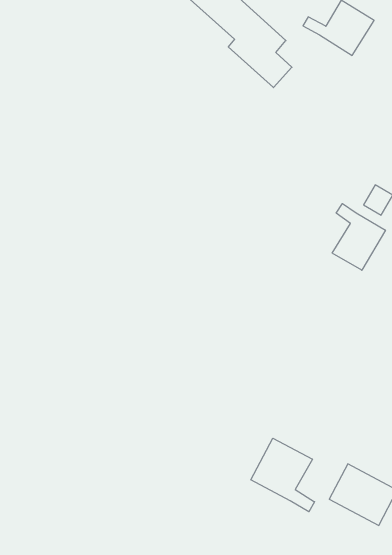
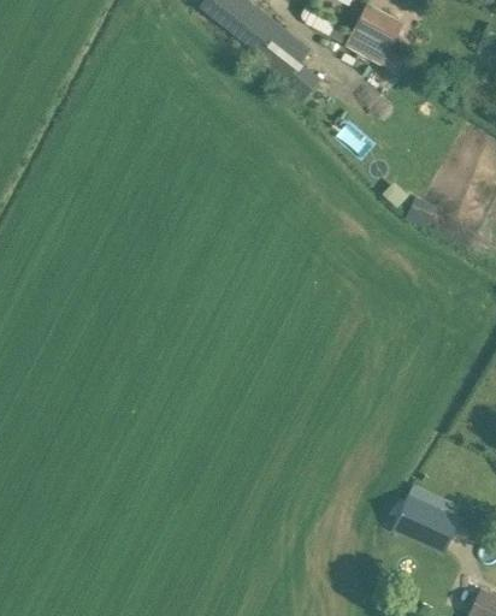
building: [332,204,385,270] -> none
building: [251,438,315,512] -> none

